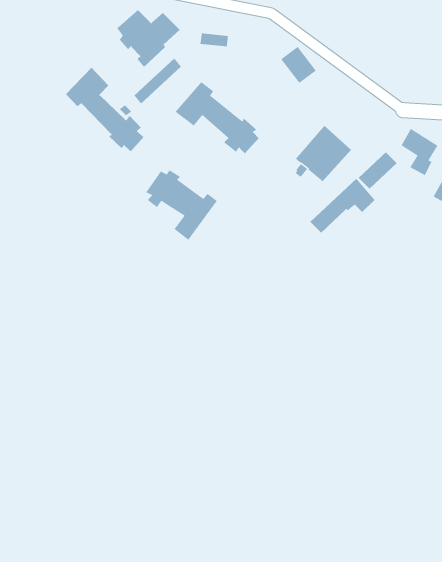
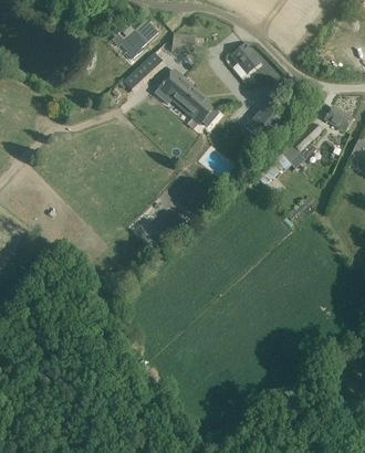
building: [65,67,145,152] -> none
building: [145,169,218,241] -> none

